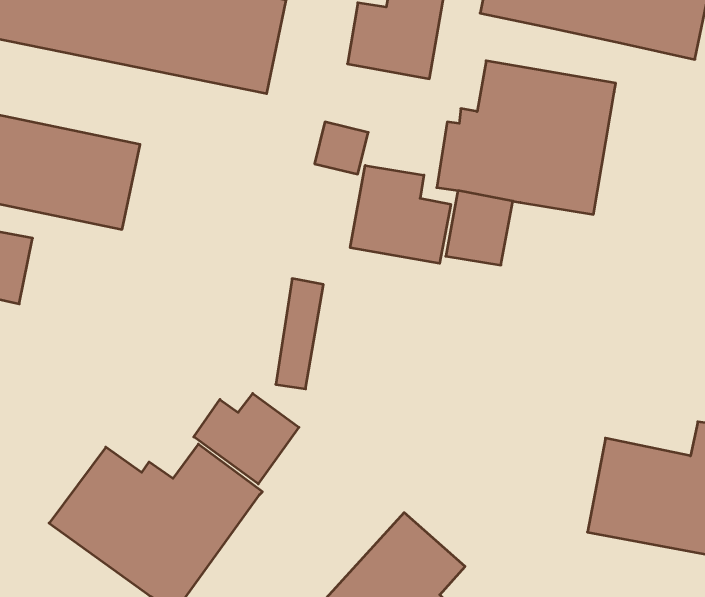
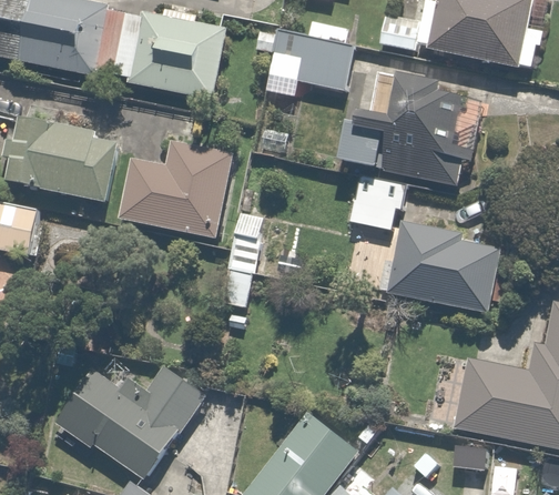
building: none -> [118,138,232,235]
building: [350,165,451,263] -> none
building: none -> [383,221,500,311]
building: [194,393,299,484] -> none

